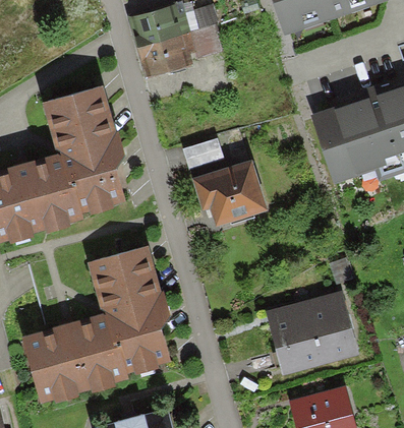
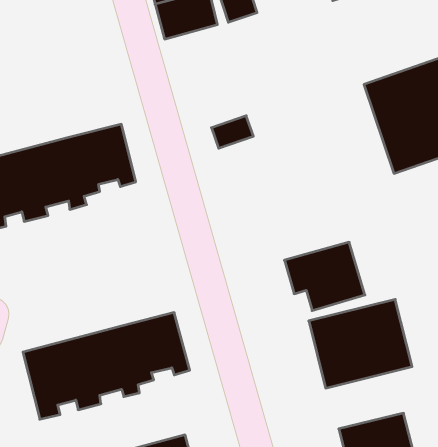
building: [49,88,109,157] -> none
building: [194,163,263,221] -> [284,242,365,311]
building: [95,248,154,316] -> none

